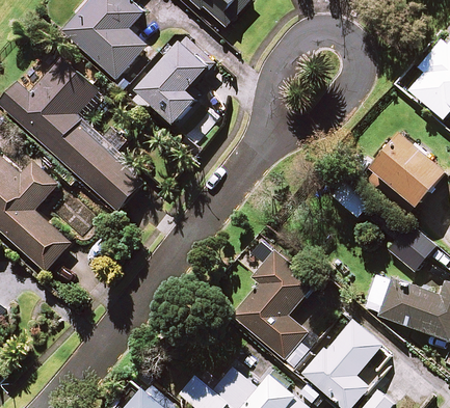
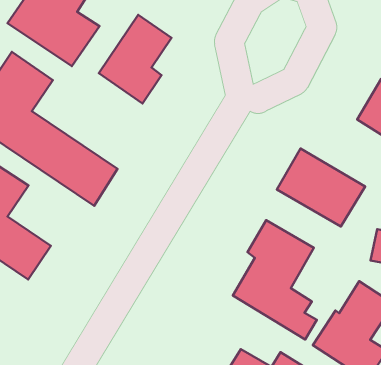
building: none -> [277,149,365,226]

